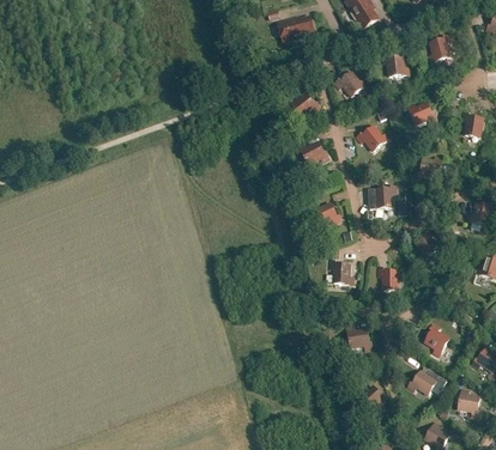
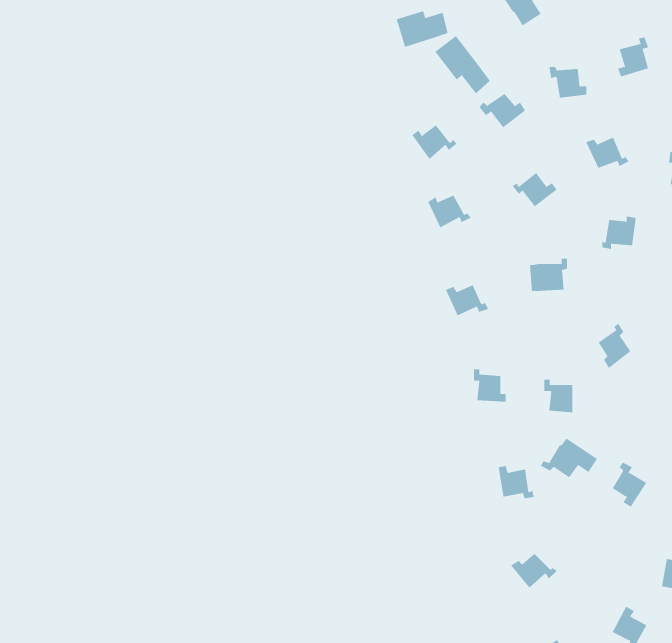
building: none -> [435,35,491,94]
building: [407,366,447,394] -> [540,438,598,478]

